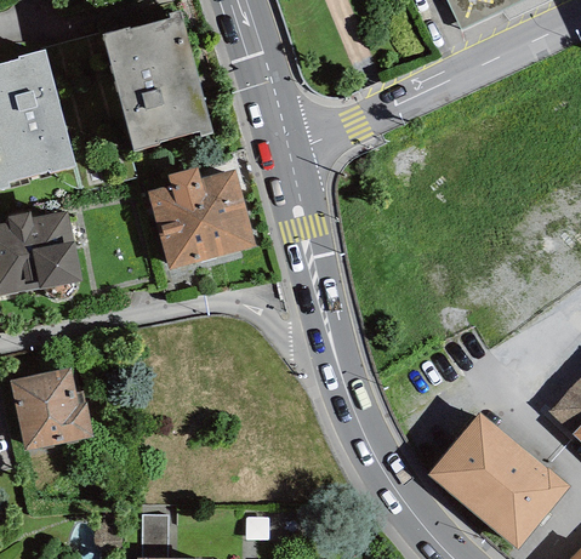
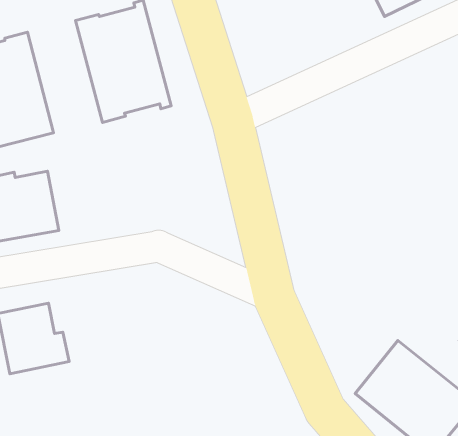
building: [147,169,255,272] -> none

